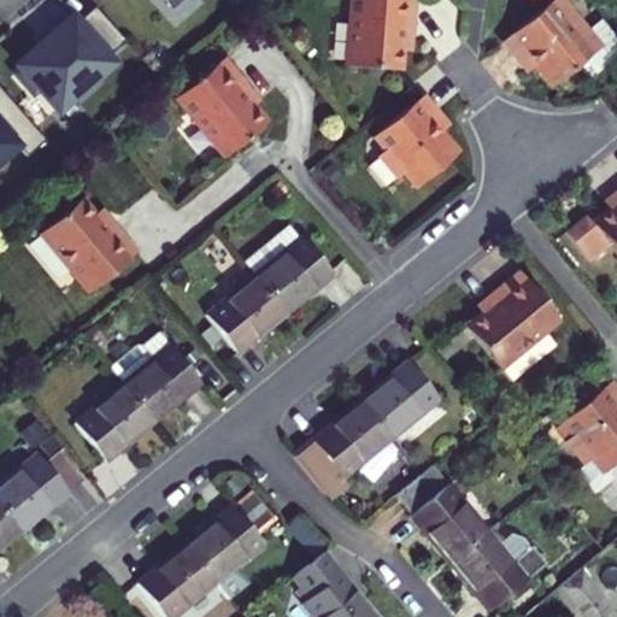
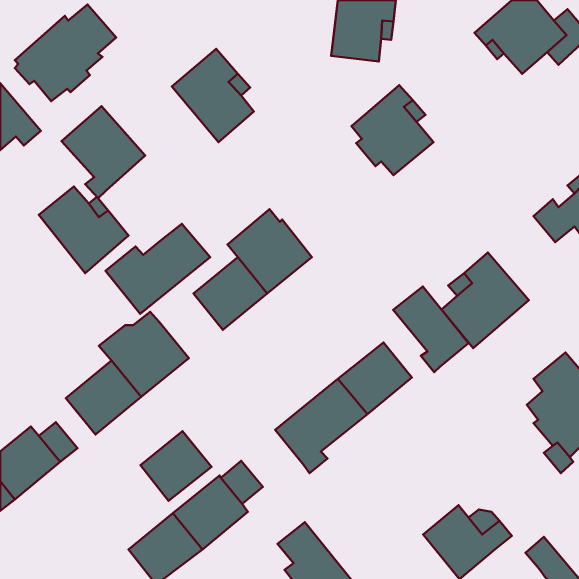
building: none -> [61,106,145,198]
building: none -> [105,224,210,314]
building: none -> [393,287,469,372]
building: none -> [141,431,212,501]
building: [395,471,488,569] -> none

